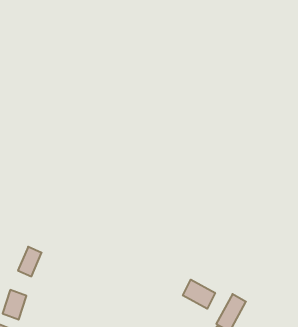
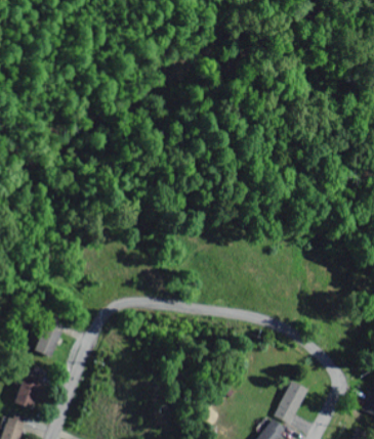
building: [183,280,215,309] -> none

